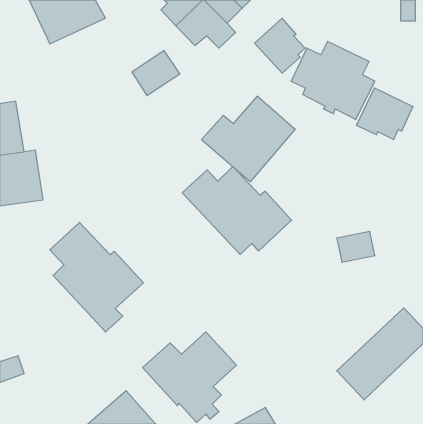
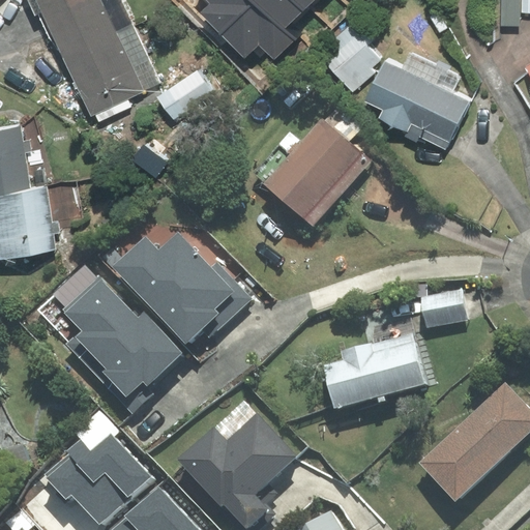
building: none -> [62,23,159,116]
building: [357,88,413,140] -> none
building: [182,166,292,254] -> [113,232,249,342]
building: none -> [324,329,435,408]
building: none -> [46,422,151,524]

